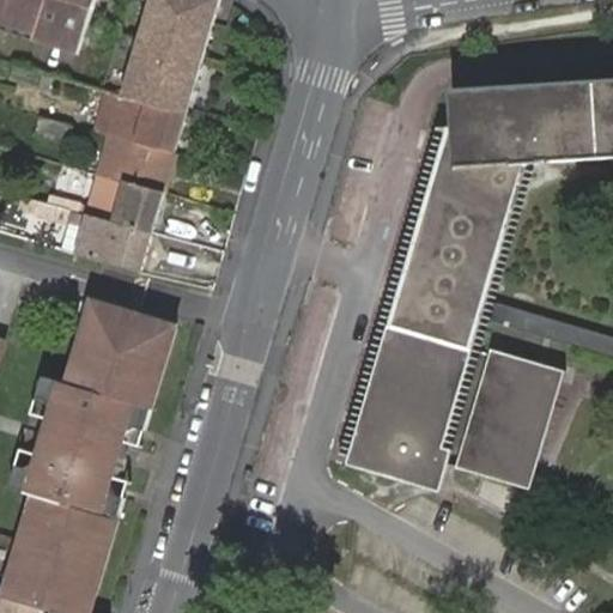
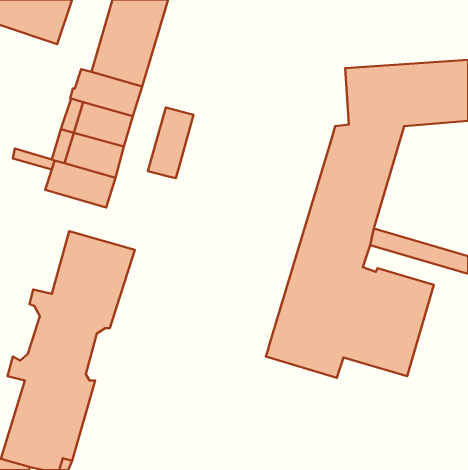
building: none -> [148,108,194,178]

